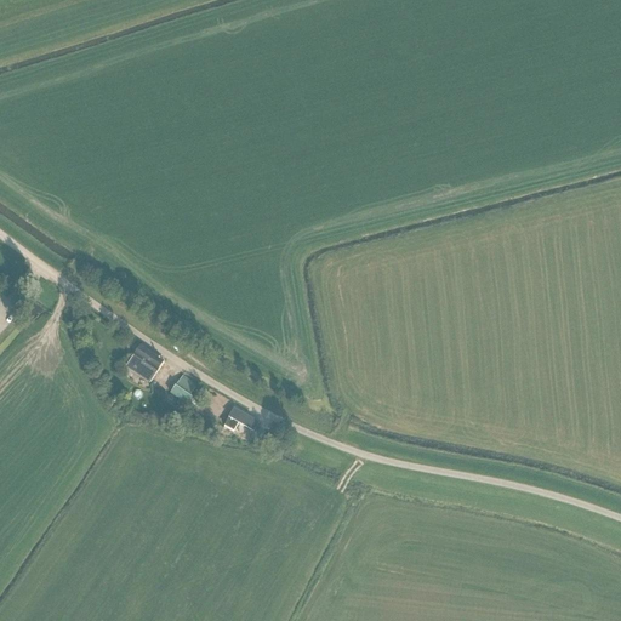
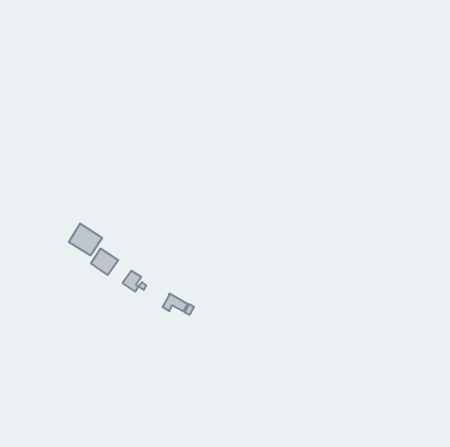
building: none -> [69,223,102,255]

